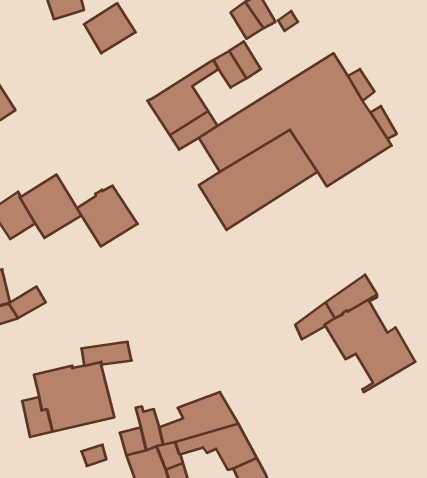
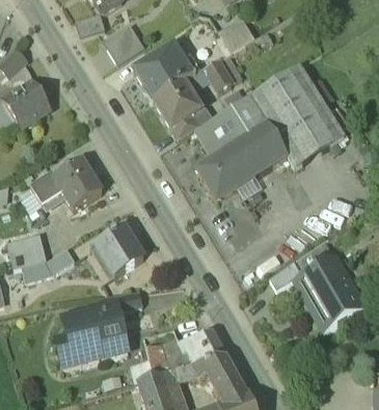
building: none -> [133,44,200,99]
building: [77,186,138,246] -> [96,226,143,274]

